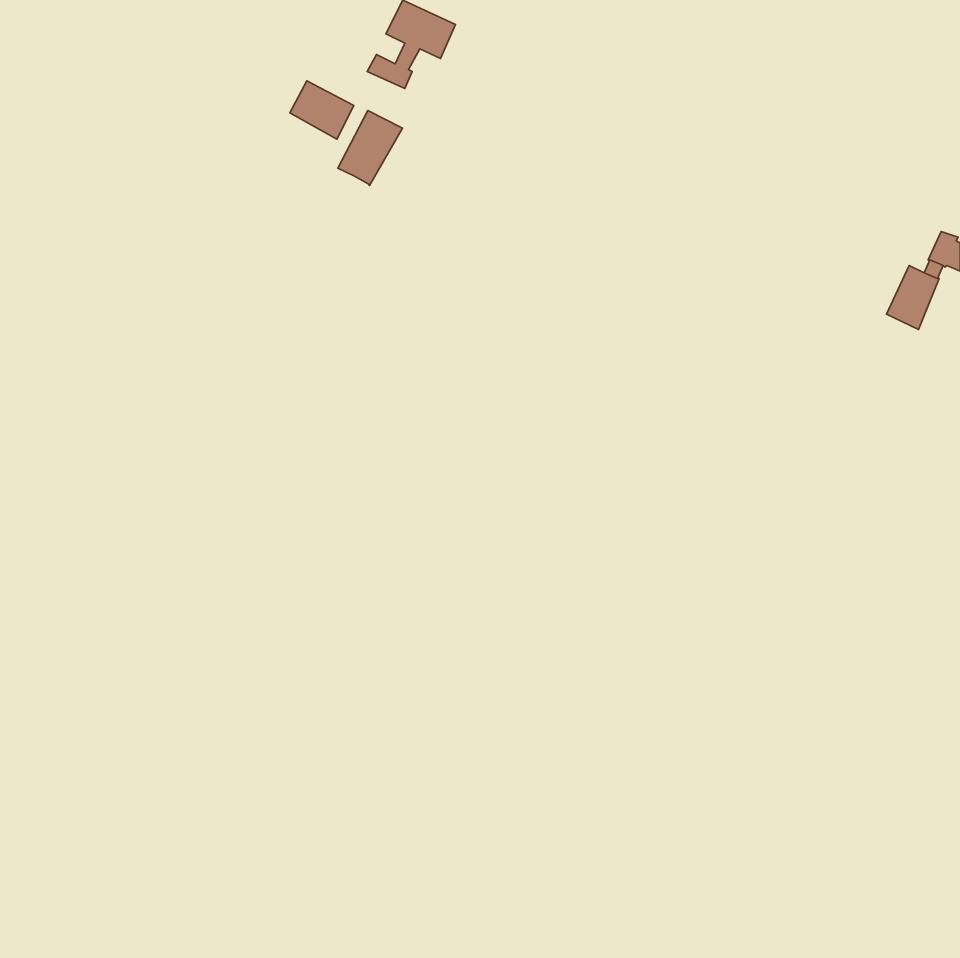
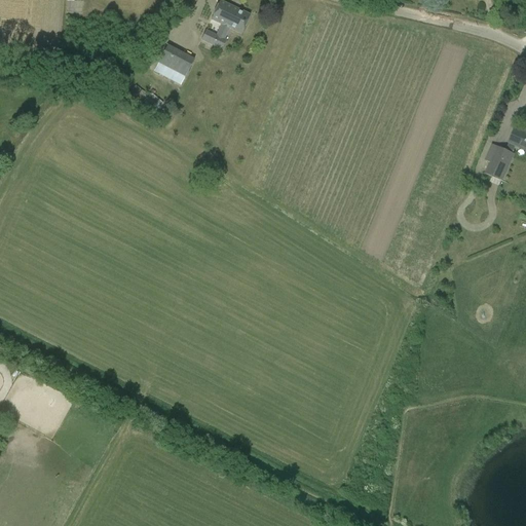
building: [338,110,402,185] -> none

